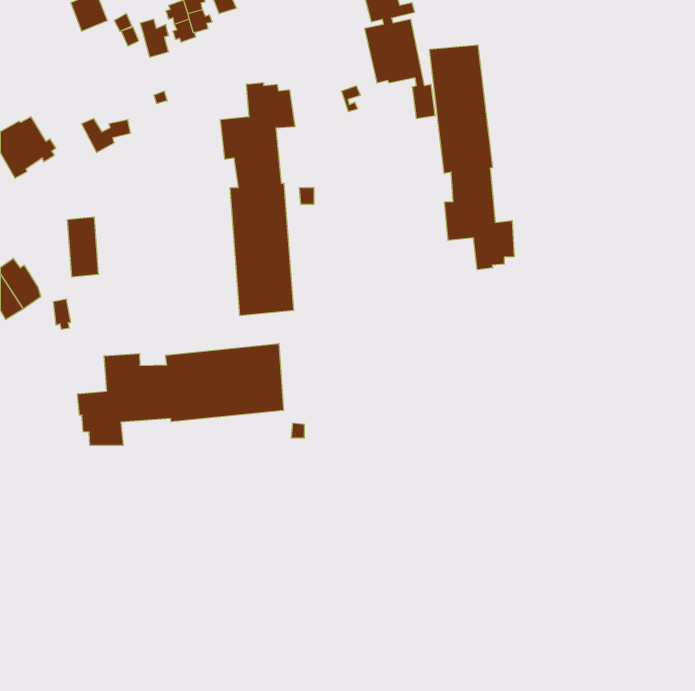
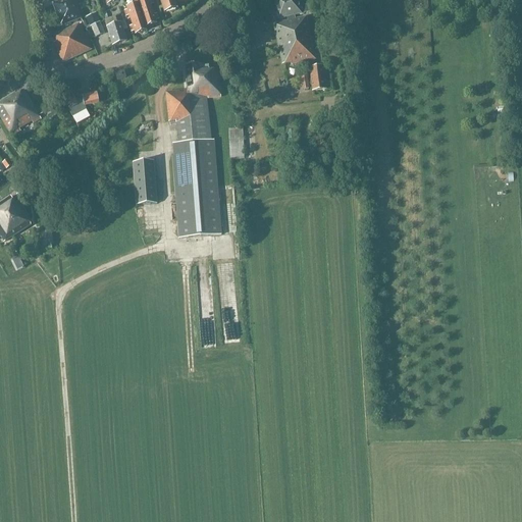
building: none -> [53,21,91,60]
building: [430,45,514,270] -> none
building: [67,217,99,277] -> [133,158,156,203]
building: [78,343,284,446] -> none

